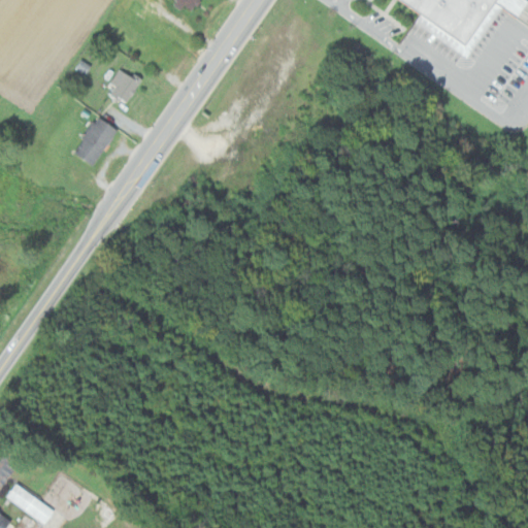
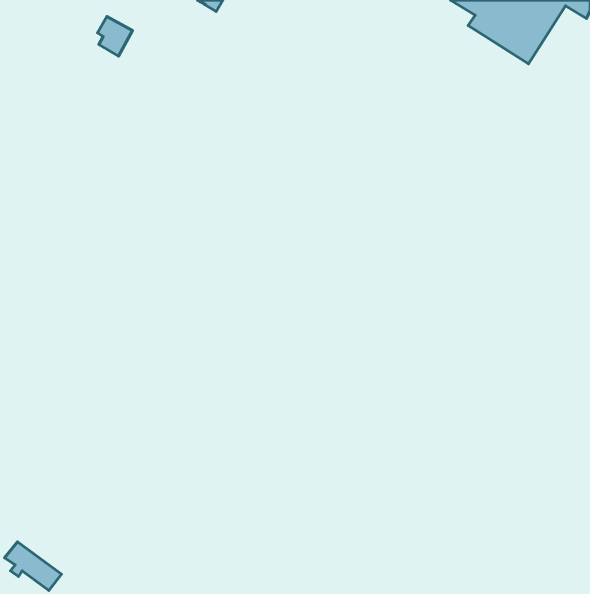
building: [109,68,140,103] -> [98,17,132,56]
building: [73,116,118,165] -> none

